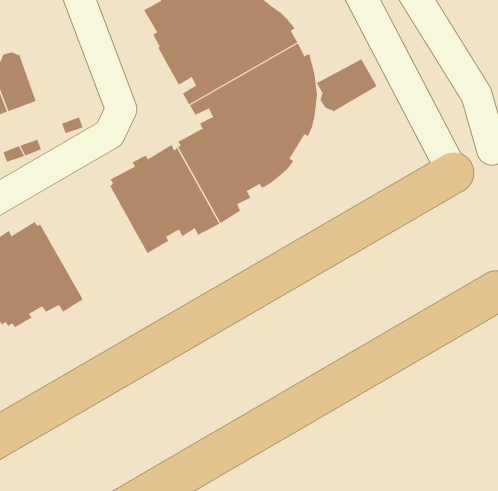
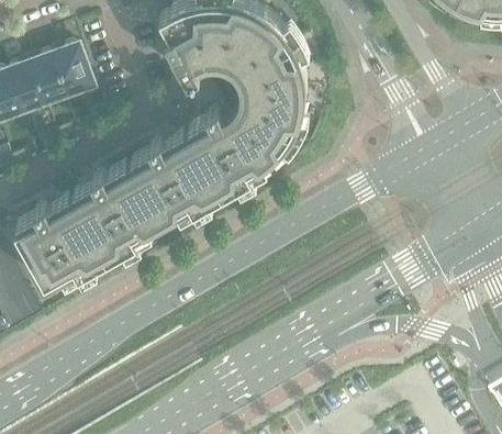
building: none -> [55,43,93,93]
building: [316,58,377,113] -> none
building: none -> [72,163,163,260]

